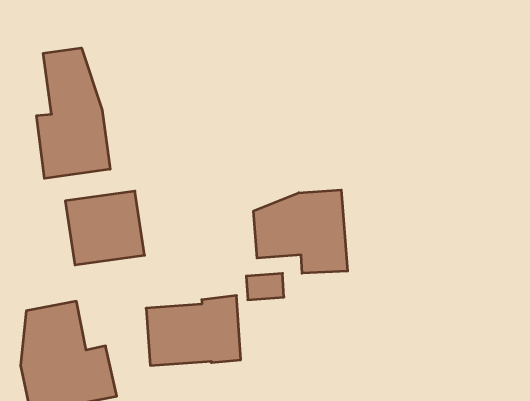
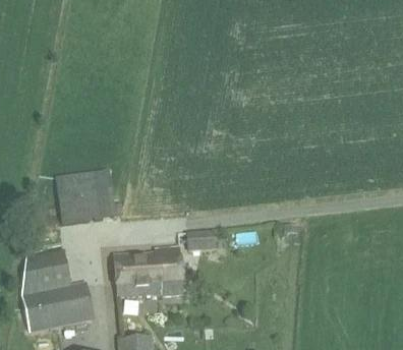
building: [37,48,110,178] -> none
building: [254,190,348,273] -> none

